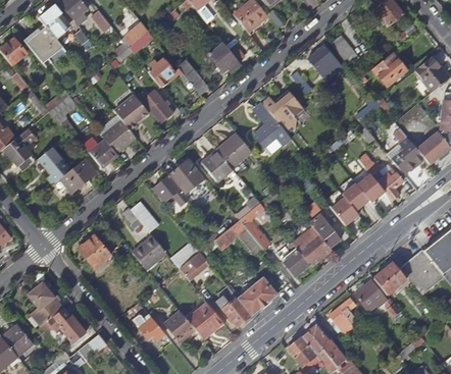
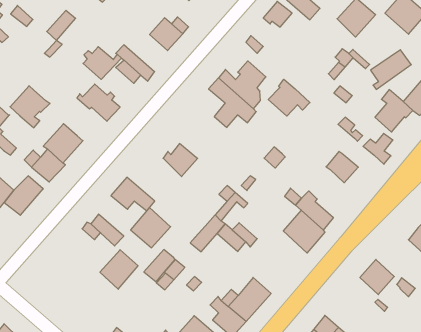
building: [115,95,150,131] -> [10,86,50,128]
building: none -> [268,79,310,116]
building: [218,132,251,167] -> none
building: [170,158,205,193] -> [131,208,171,248]
building: [357,173,385,202] -> none
building: [332,197,359,225] -> none
building: [79,233,110,268] -> none
building: [284,242,310,276] -> none
building: [373,263,406,295] -> none
building: [329,298,357,331] -> none

